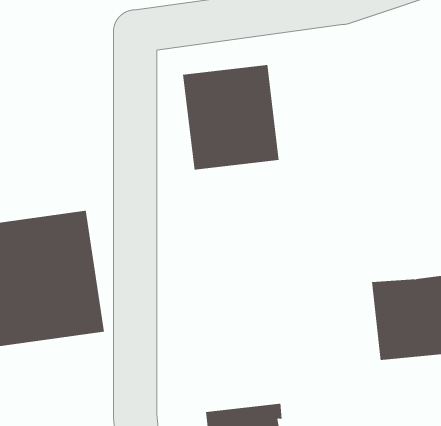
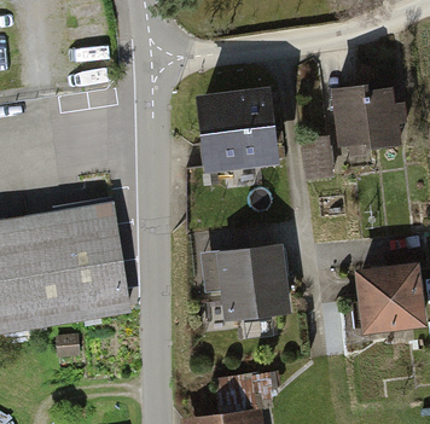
building: none -> [333,87,405,155]
building: none -> [203,245,290,320]

